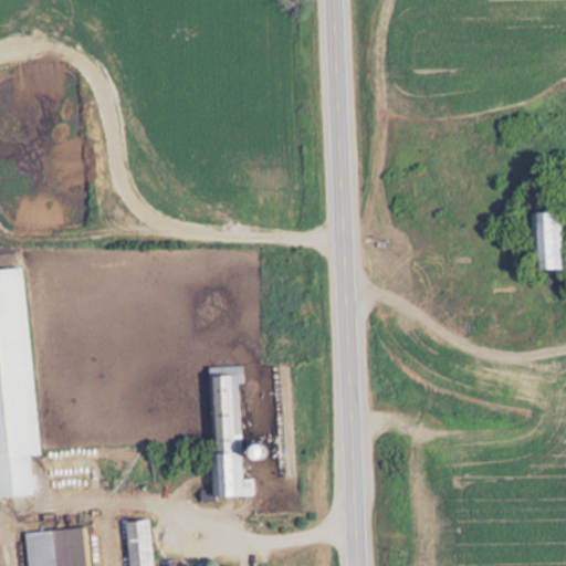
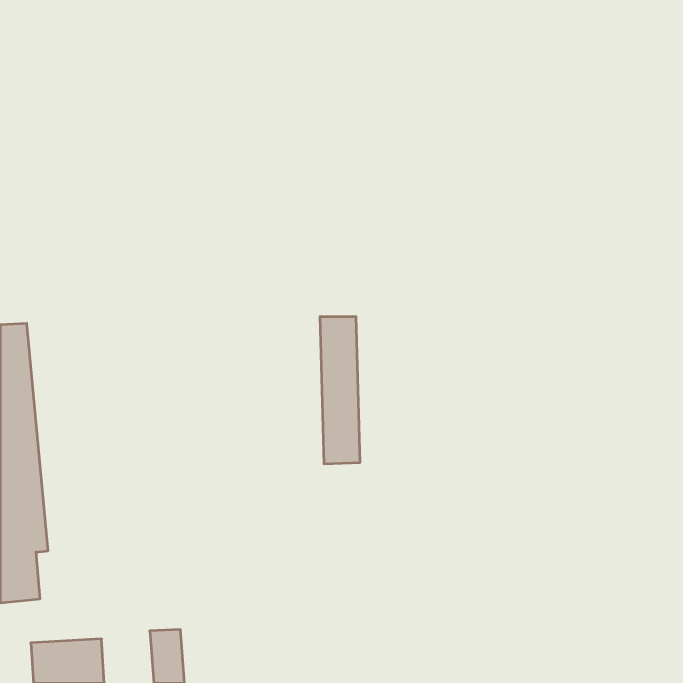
building: [533,212,560,270] -> none
building: [209,376,242,497] -> [320,317,360,464]

